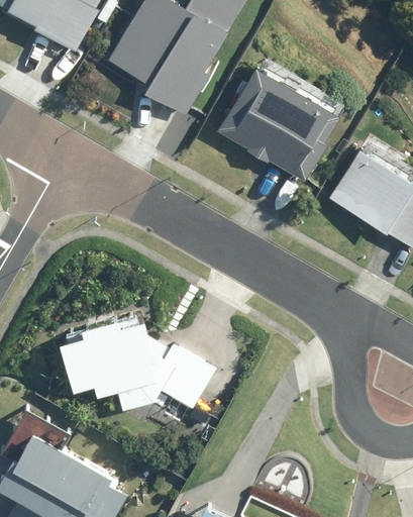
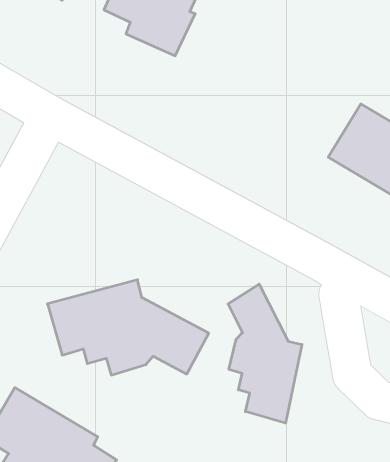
building: [217,67,340,180] -> none
building: none -> [228,284,302,423]

